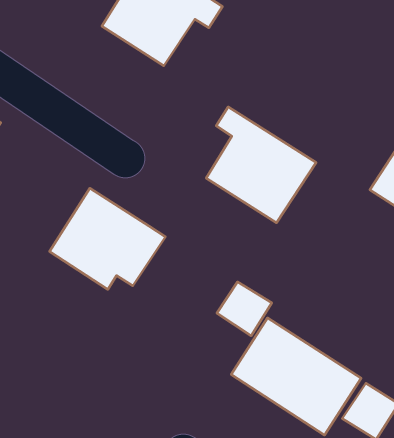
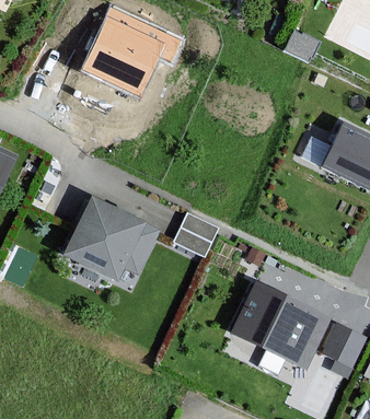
building: [206,107,316,223] -> none
building: [217,282,272,336] -> [175,213,218,255]

